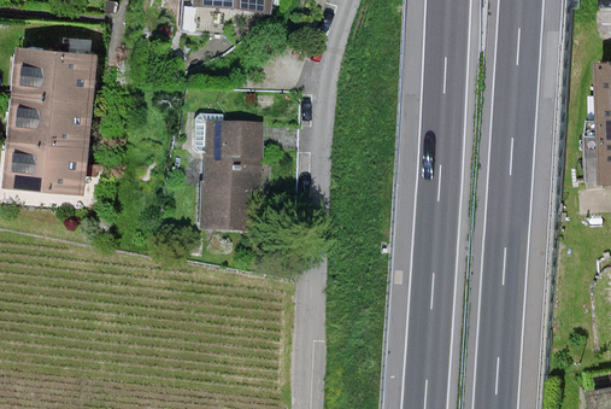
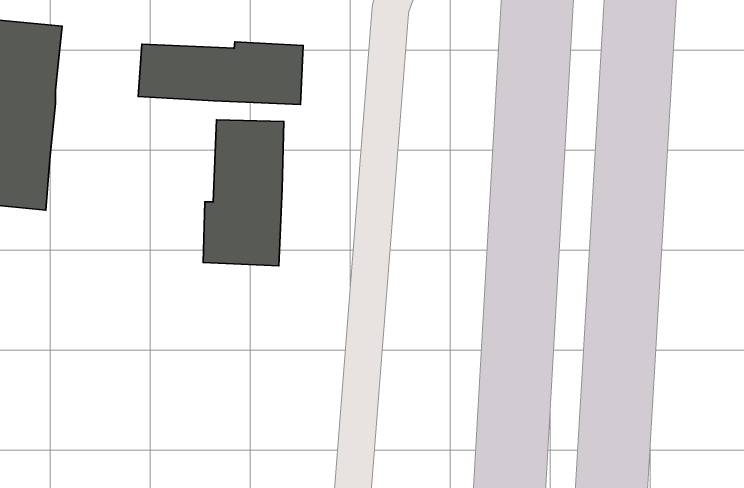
building: none -> [138,42,303,104]

